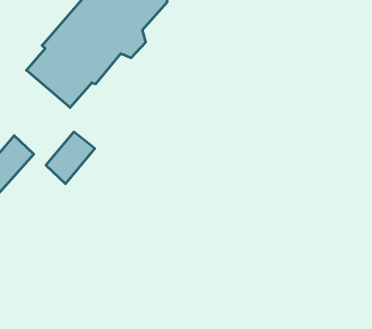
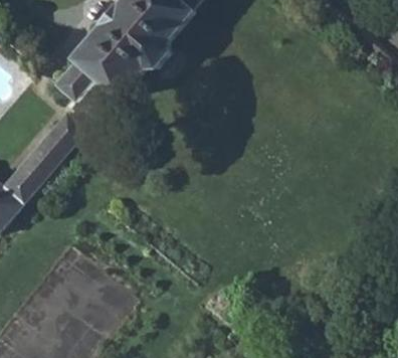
building: [46,132,95,184] -> [39,114,86,164]

